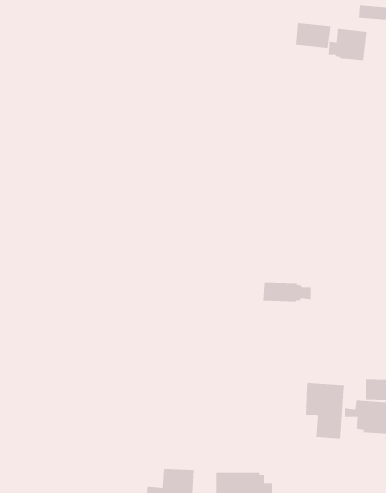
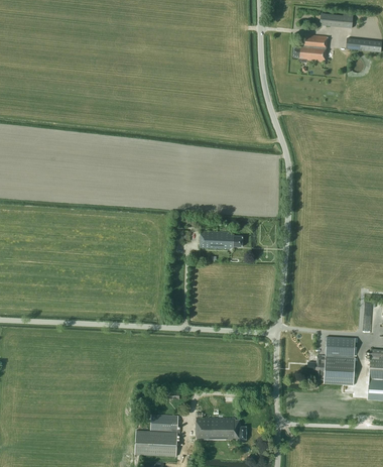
building: [295,22,331,49] -> none
building: [263,282,312,302] -> [200,231,242,248]
building: [305,382,345,440] -> none

